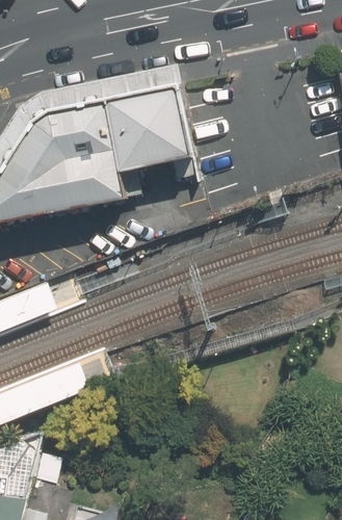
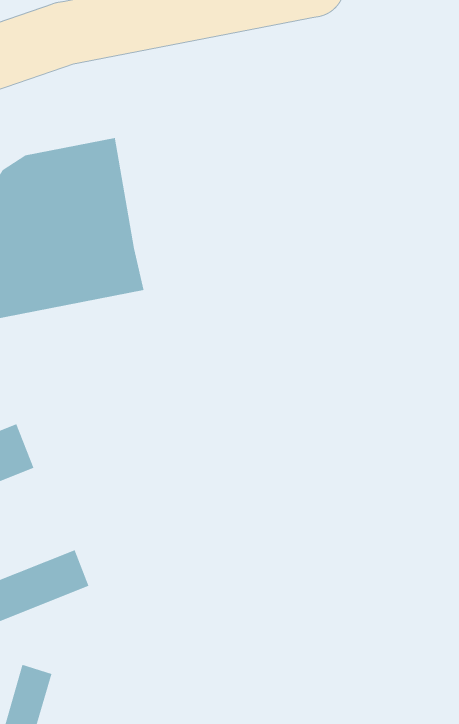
building: [106,83,190,170] -> none

